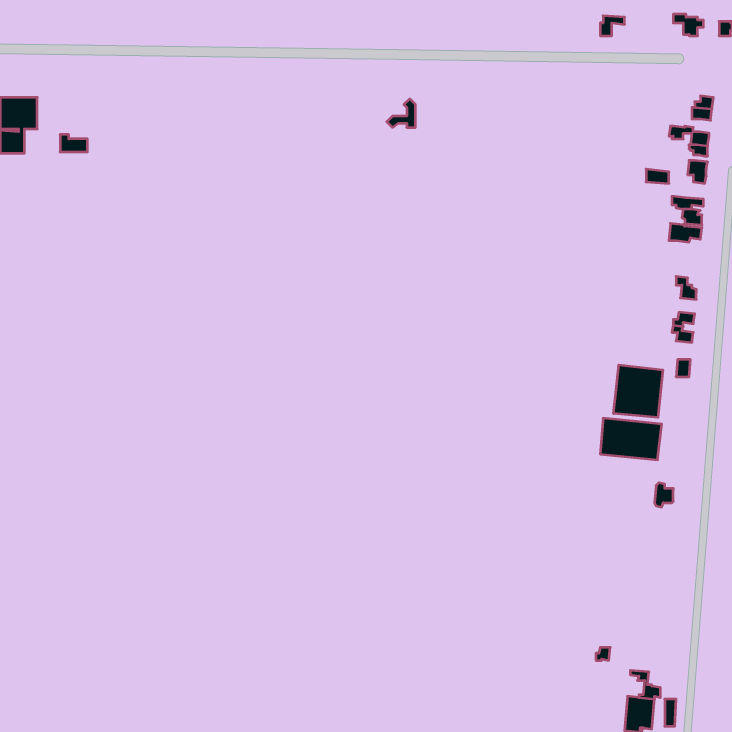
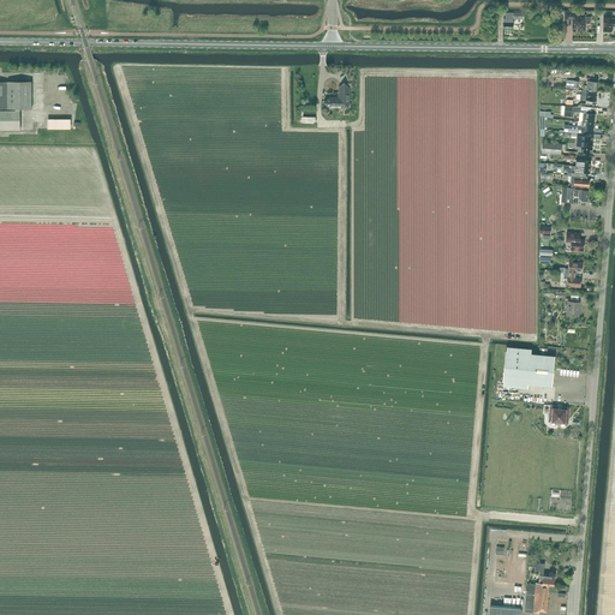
building: [614,365,663,417] -> none

